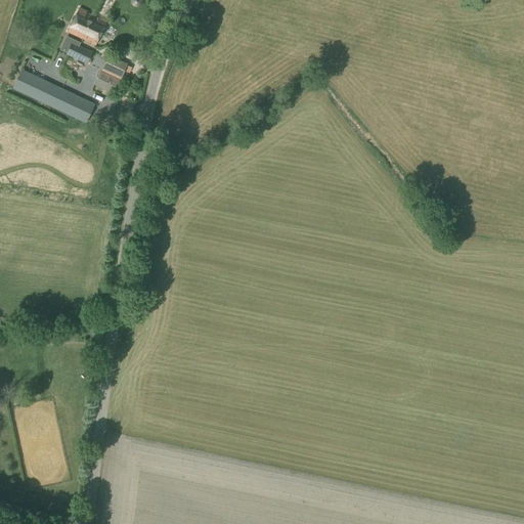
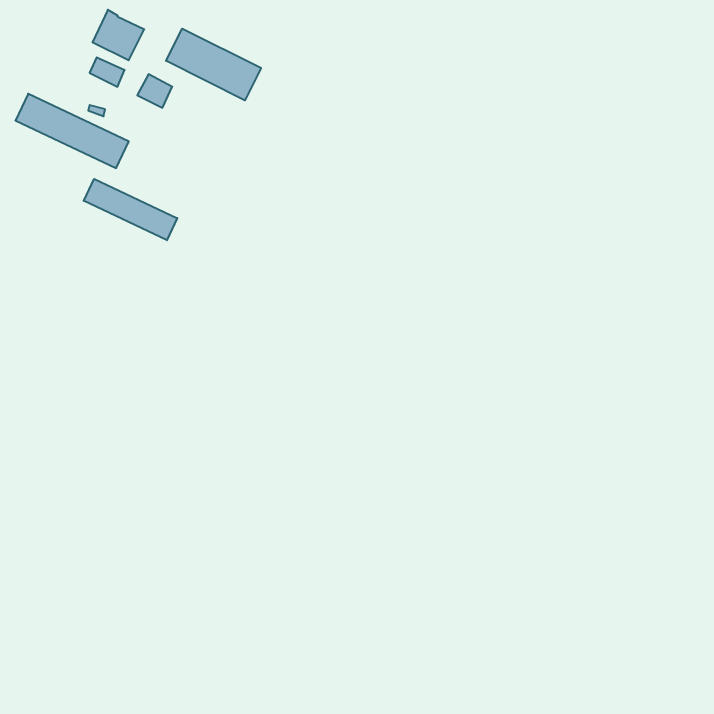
building: none -> [166,29,261,100]
building: none -> [84,179,177,240]

